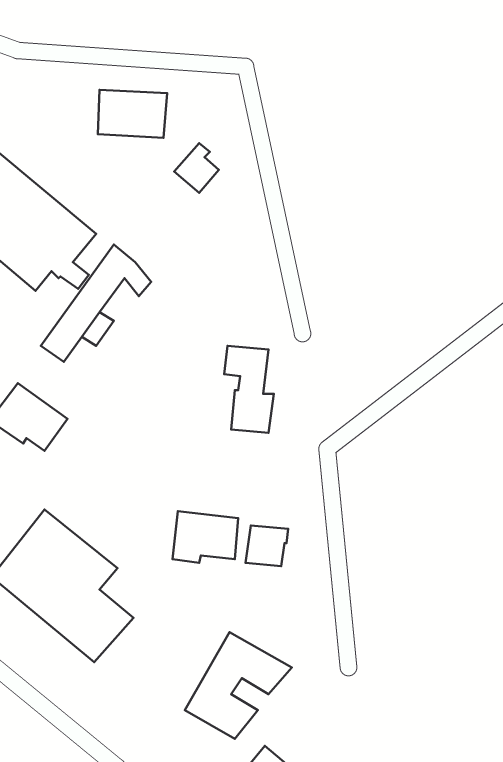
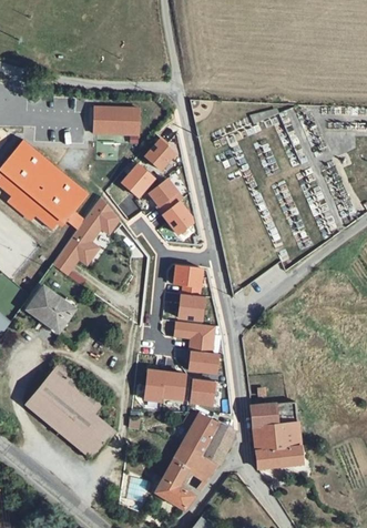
building: none -> [120,164,152,197]
building: none -> [146,179,191,234]
building: none -> [172,321,216,372]
building: none -> [258,402,312,470]
building: none -> [177,414,233,466]

